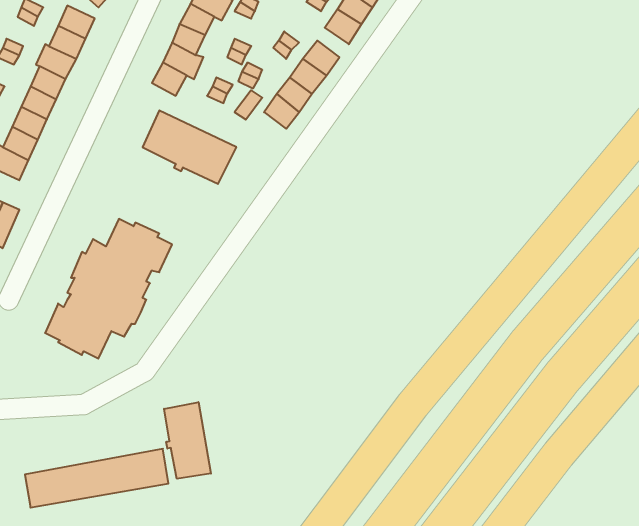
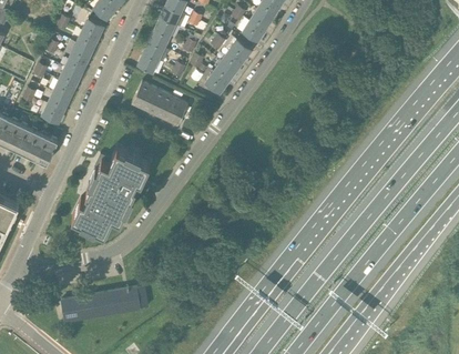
building: [164,402,211,479] -> none

